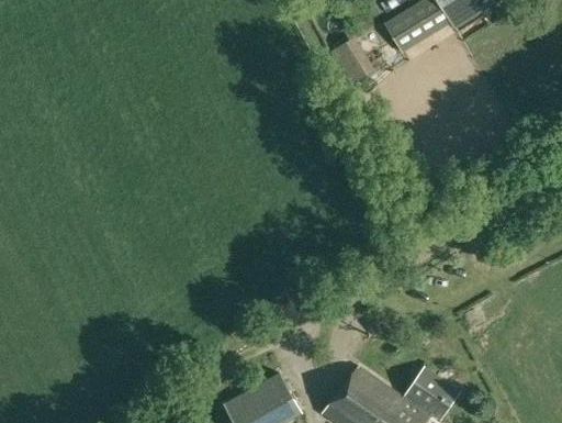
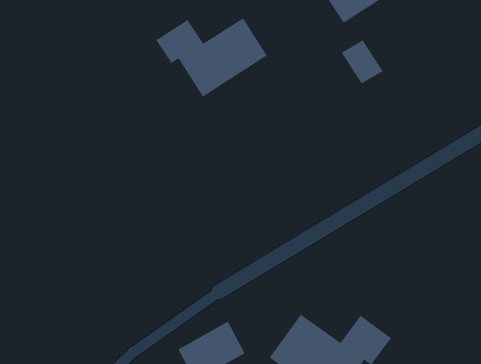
building: [330,37,376,86] -> [341,40,384,84]
building: none -> [156,18,268,97]

